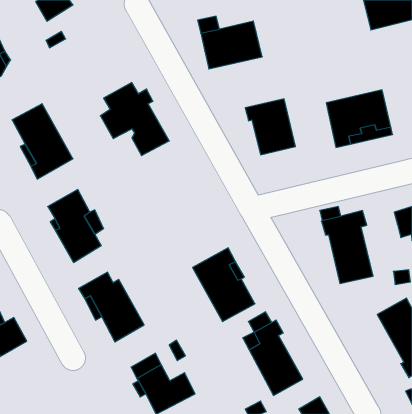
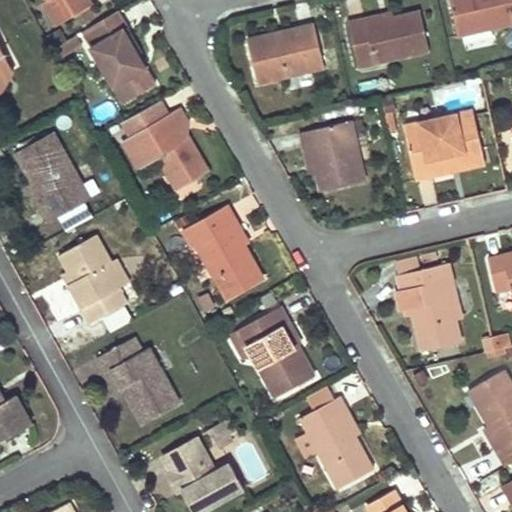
building: none -> [92,13,156,104]
building: none -> [347,14,429,68]
building: none -> [186,207,263,297]

